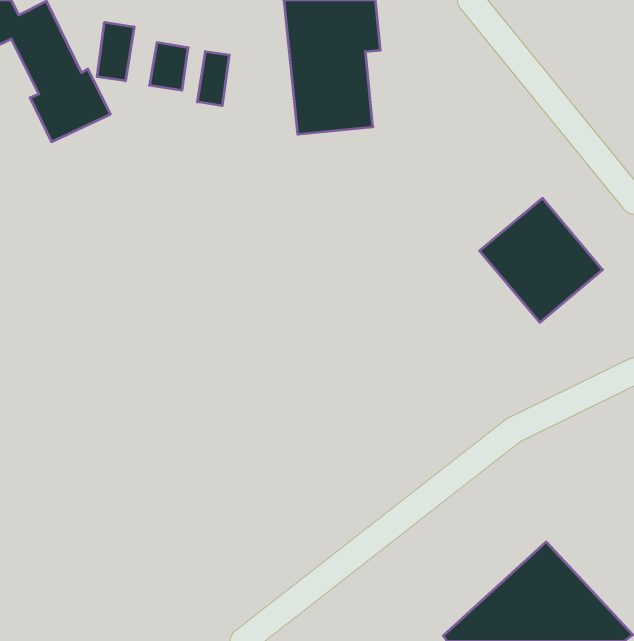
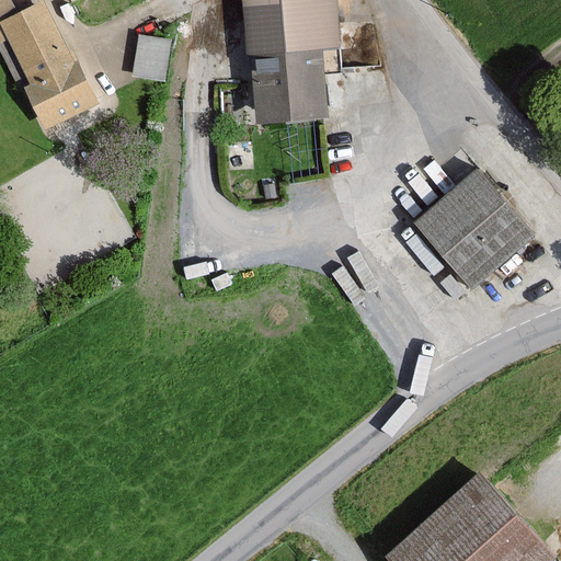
building: [97,22,134,81] -> none
building: [197,51,229,106] -> none

